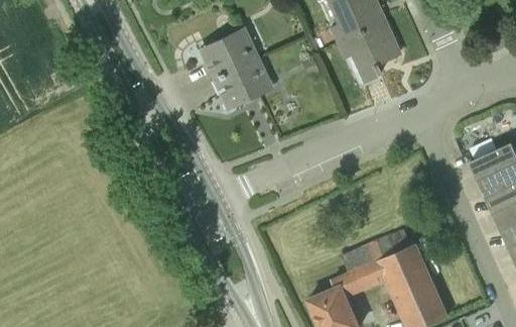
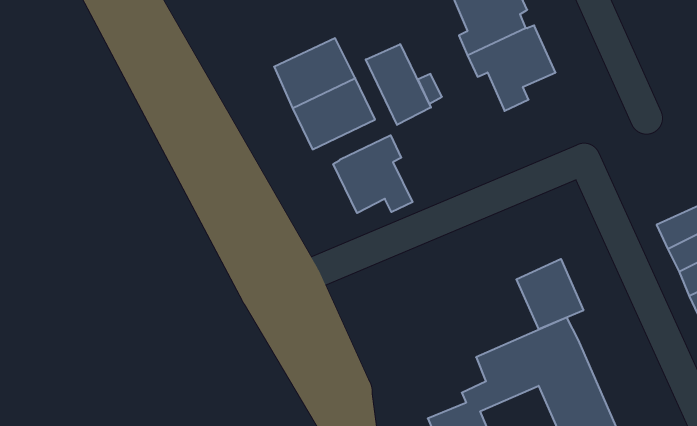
building: none -> [366,44,431,125]
building: none -> [333,135,413,213]
building: none -> [516,259,583,329]

